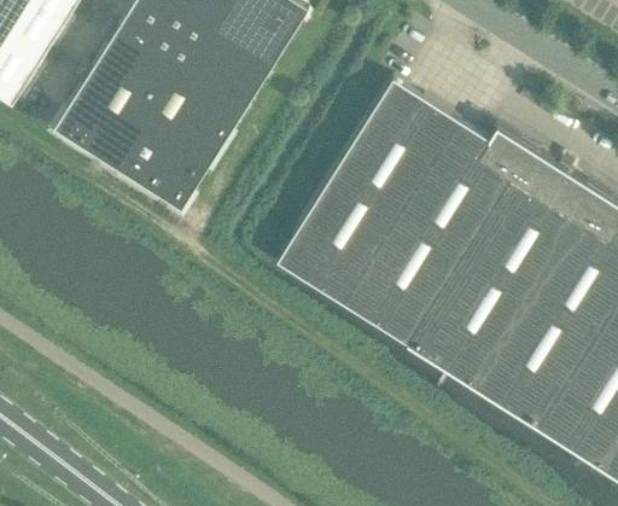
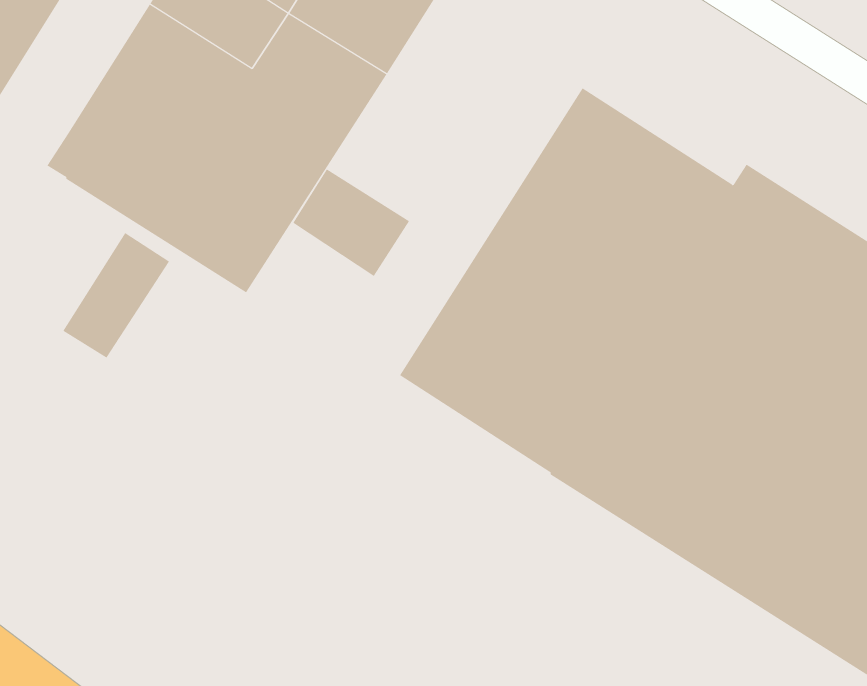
building: none -> [292,168,410,277]
building: none -> [62,232,170,359]

